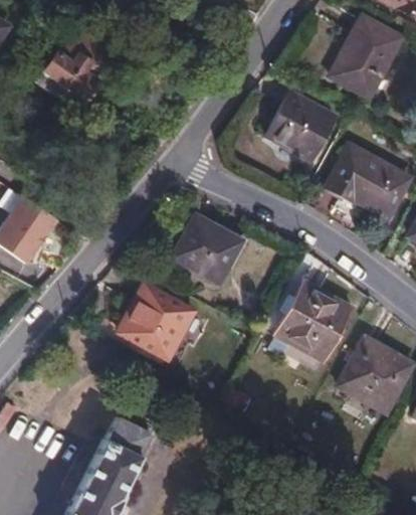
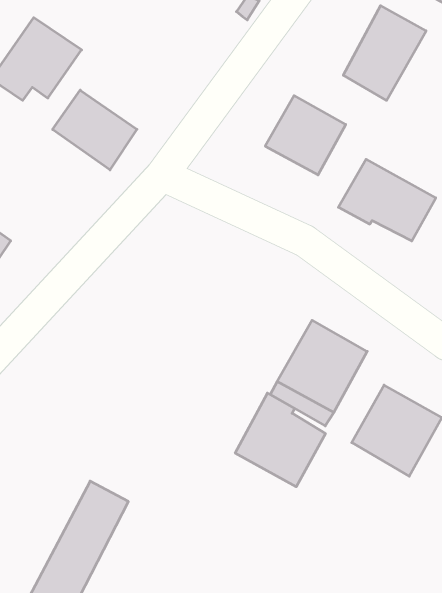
building: none -> [53,90,137,170]
building: [174,216,241,281] -> none
building: [121,286,193,357] -> none
building: none -> [235,393,325,487]

